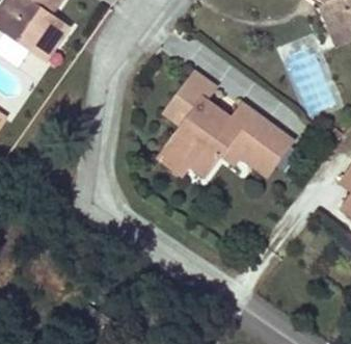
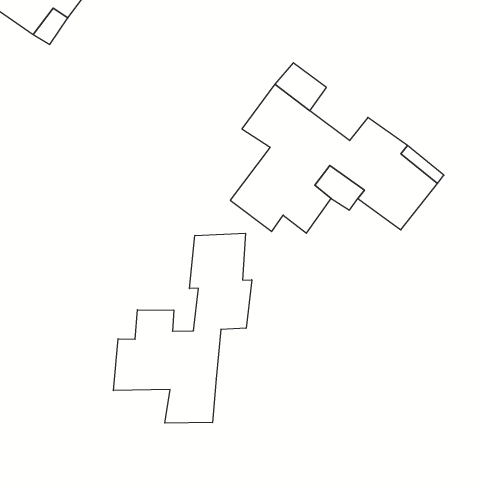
building: none -> [113,233,252,423]

